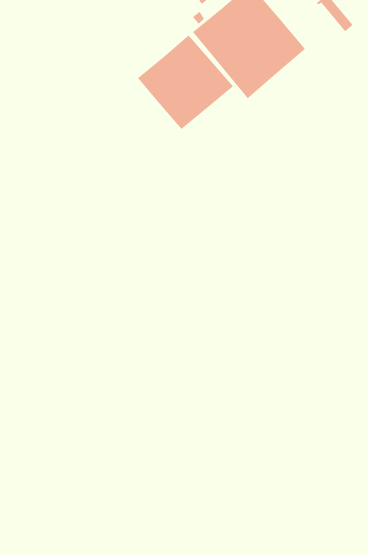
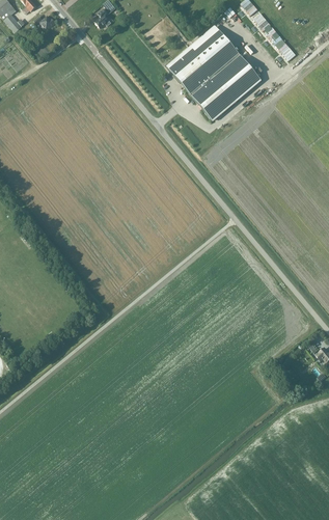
building: [137,34,234,130] -> none

